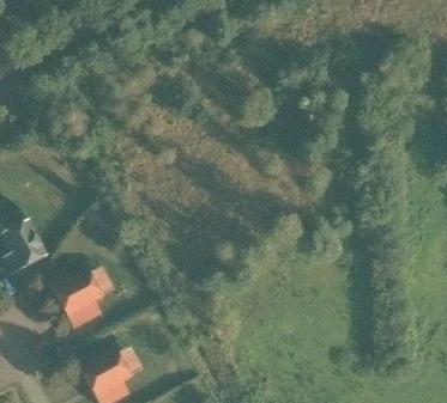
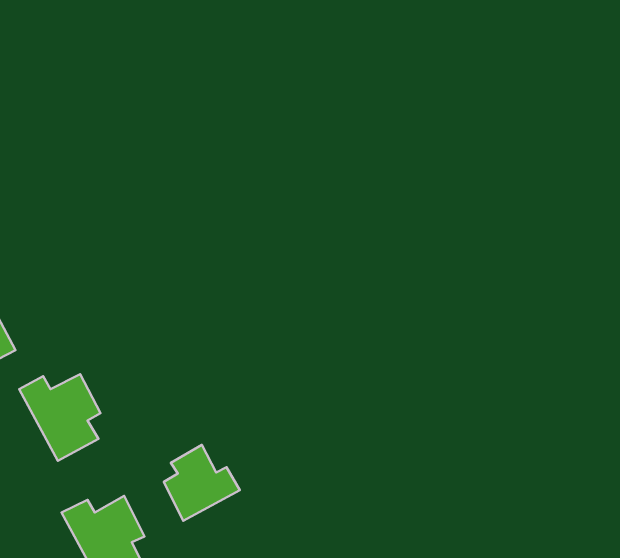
building: none -> [164,445,240,521]

